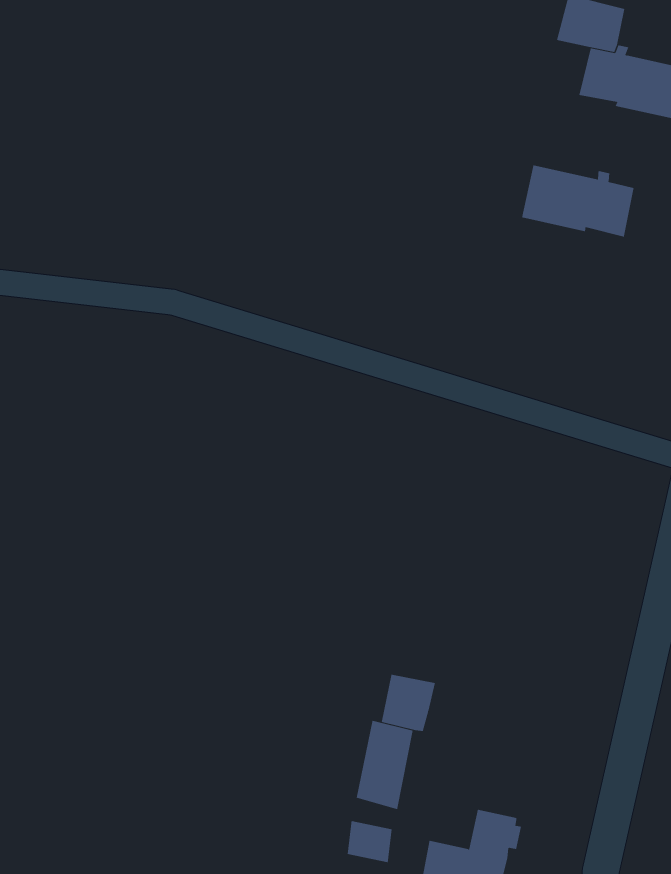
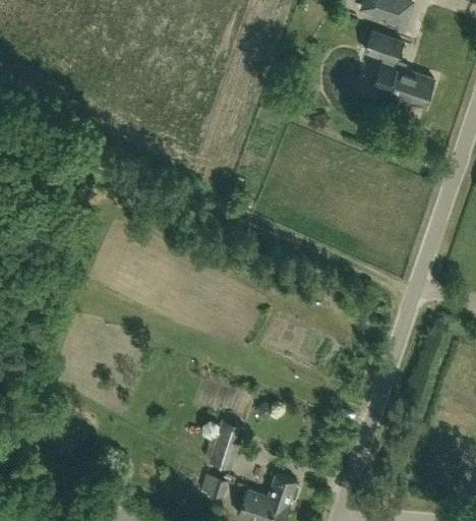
building: [521,165,634,238] -> none
building: [381,674,436,732] -> none

